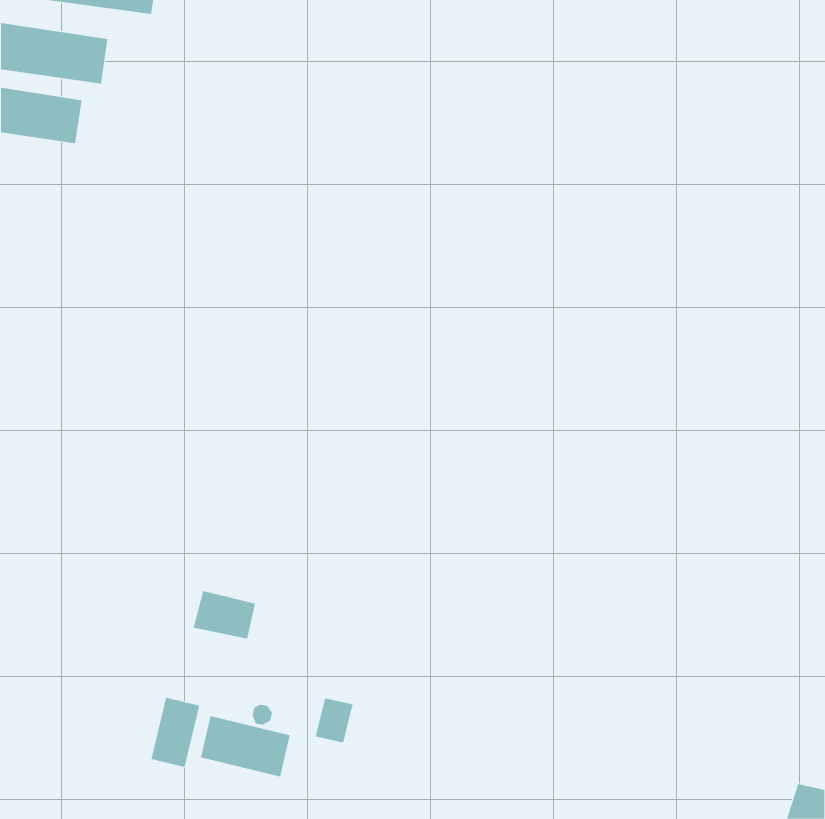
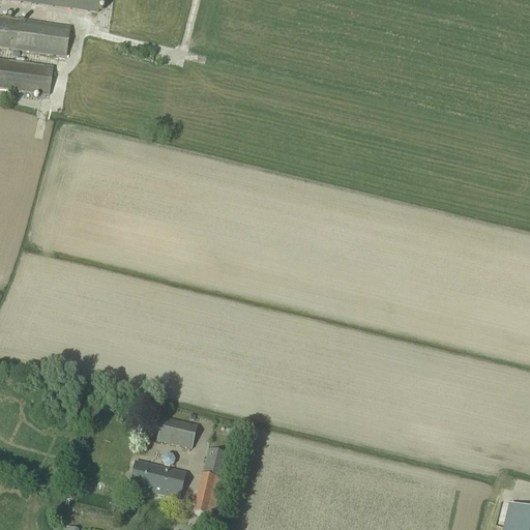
building: [193,591,256,639] -> [156,415,197,446]
building: [151,697,200,768] -> none
building: none -> [193,472,223,514]

